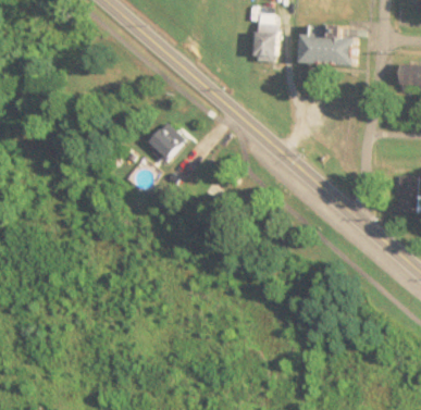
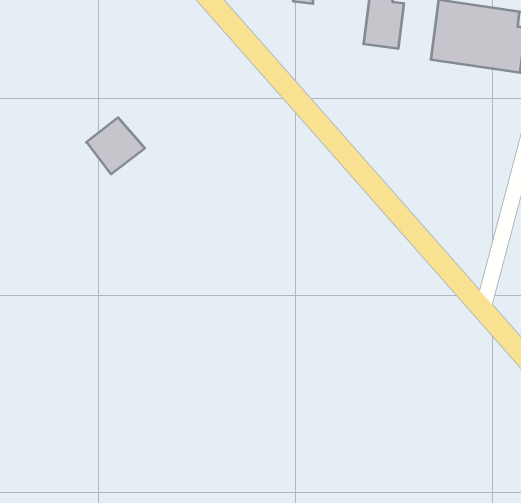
building: [148,126,186,163] -> [86,118,145,174]

